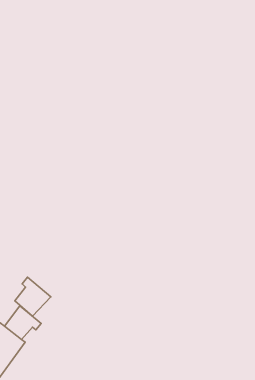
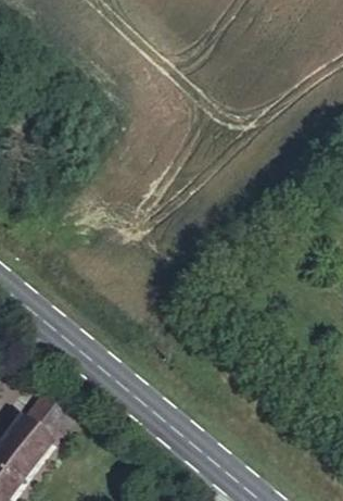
building: [15,277,51,316] -> none

